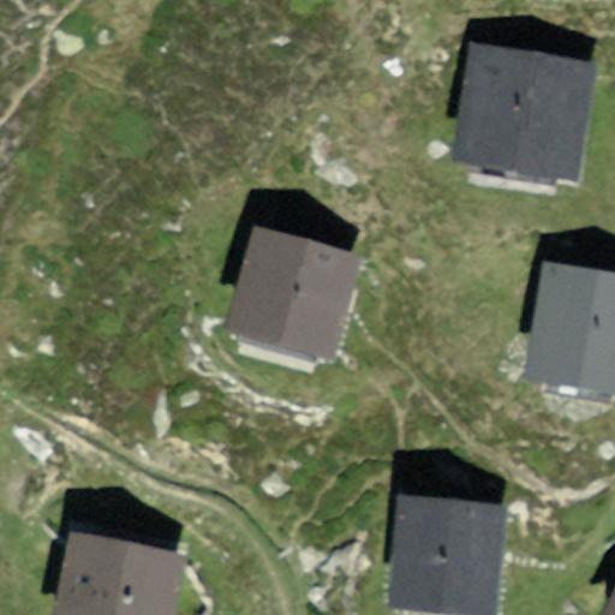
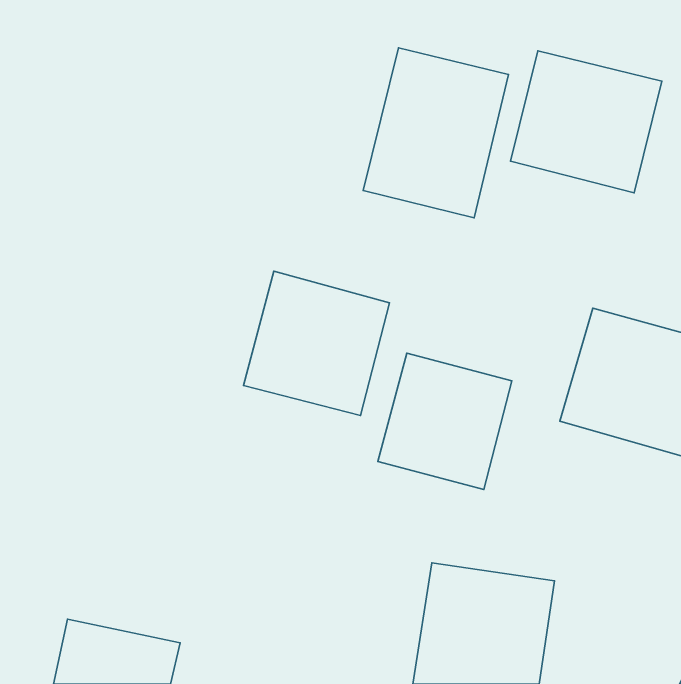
building: none -> [363,48,509,218]
building: none -> [378,353,512,490]

